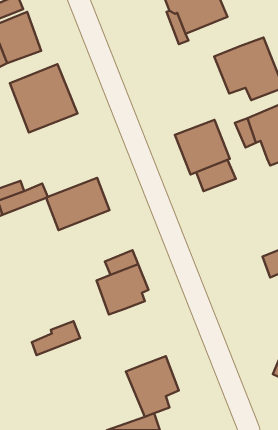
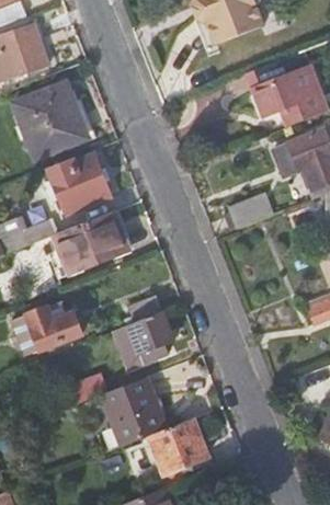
building: [175,120,230,174] -> none
building: none -> [48,154,113,216]
building: none -> [26,307,81,349]
building: none -> [101,377,166,446]

